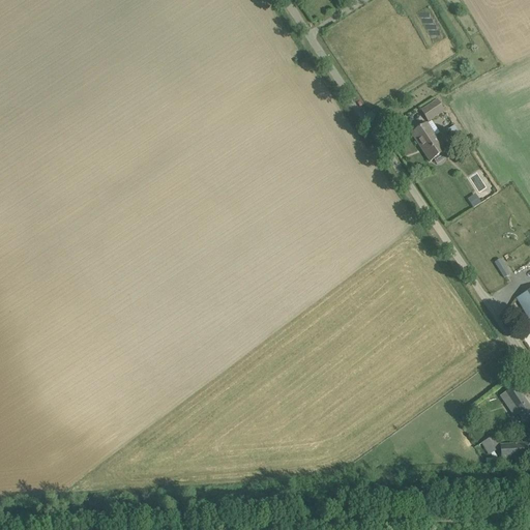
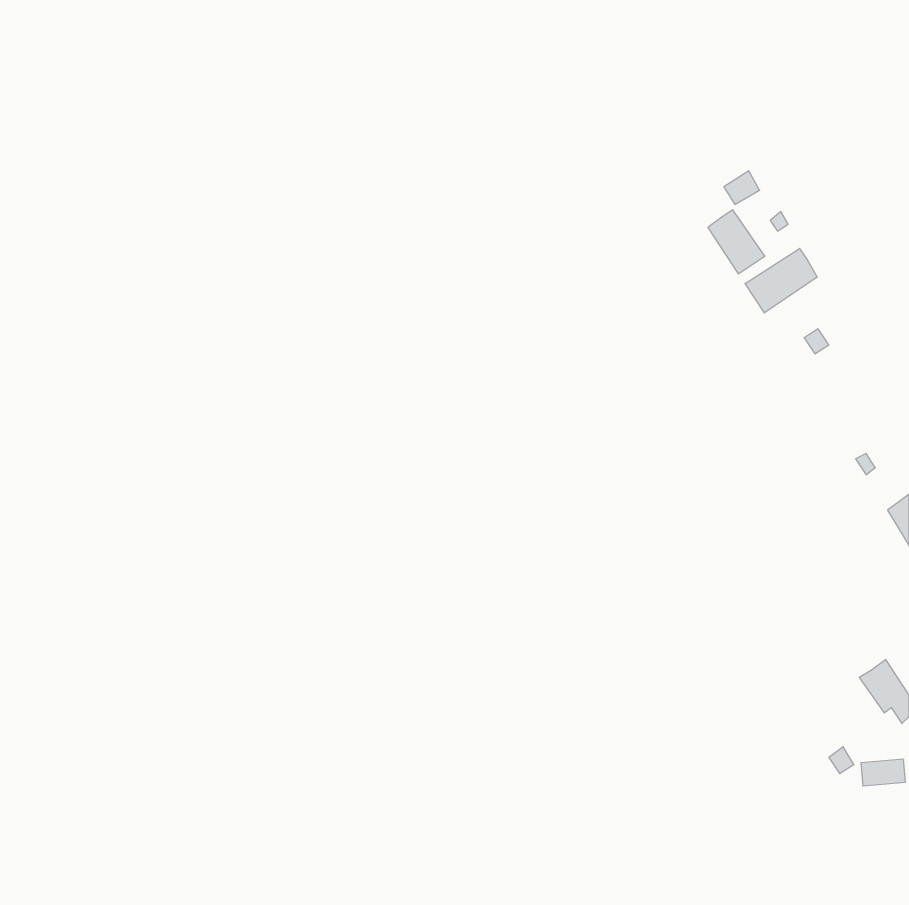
building: none -> [745,248,817,313]

